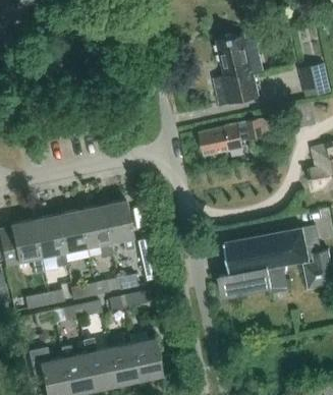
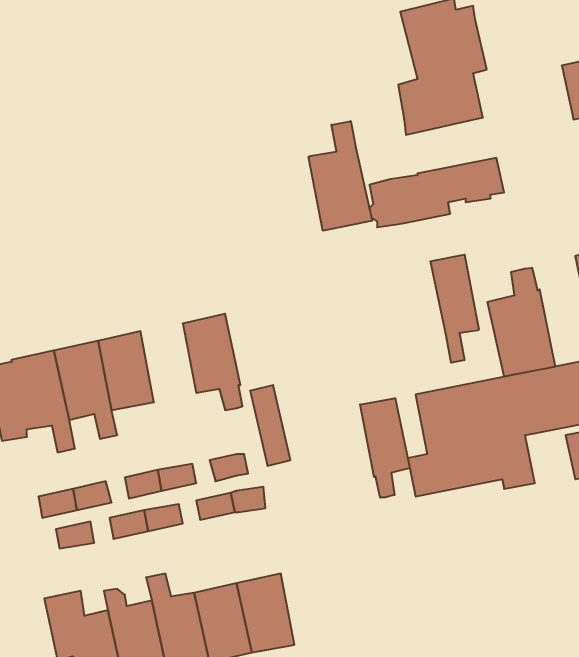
building: none -> [309,121,372,231]
building: none -> [430,255,479,363]
building: none -> [487,268,555,376]
building: [78,206,110,258] -> none
building: none -> [360,398,410,498]

